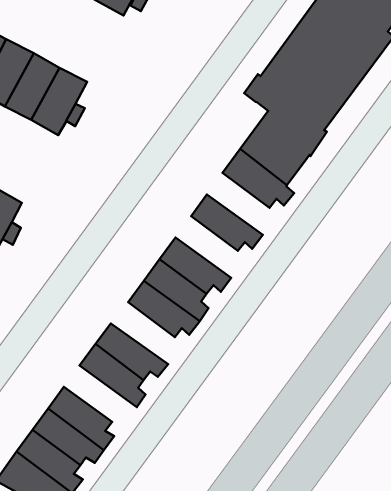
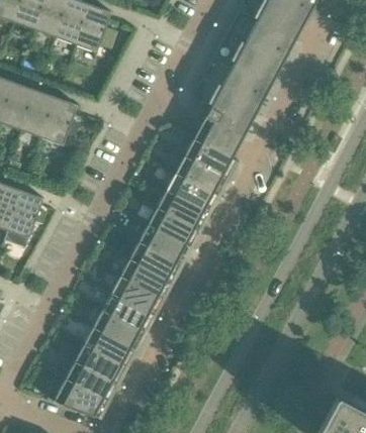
building: none -> [175,156,224,197]
building: none -> [157,191,206,231]
building: none -> [119,259,170,300]
building: none -> [92,310,147,347]

